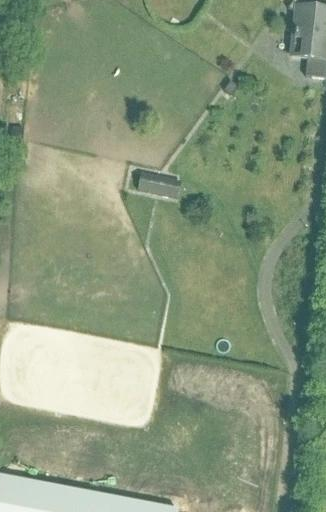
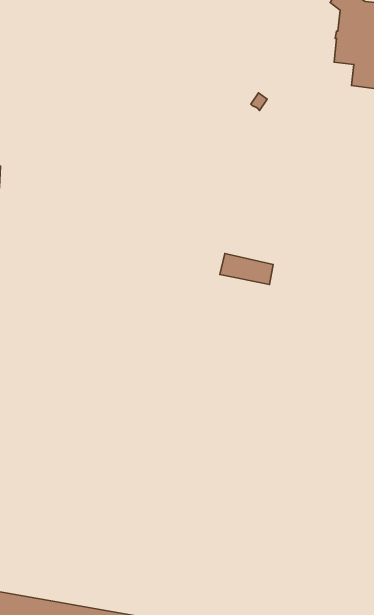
building: [137,171,180,196] -> [220,253,273,284]

